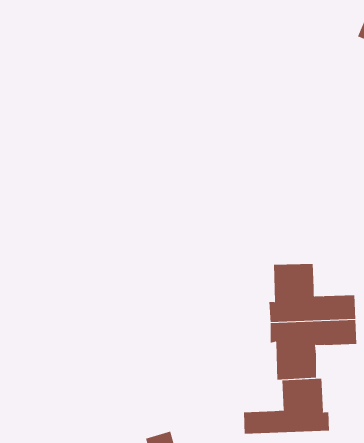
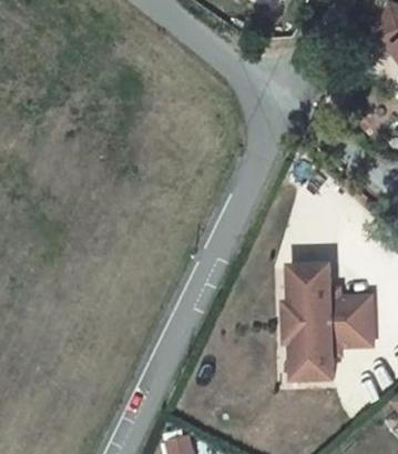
building: [244,378,329,435] -> none

